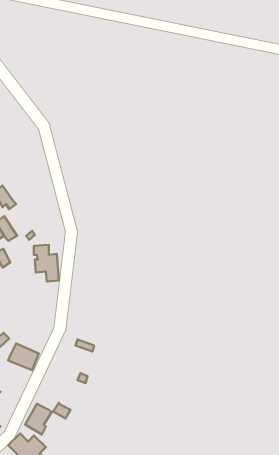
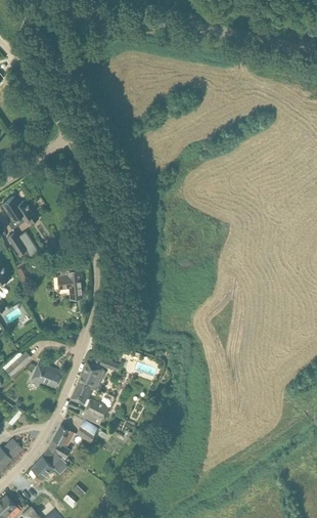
building: none -> [72,362,109,424]

